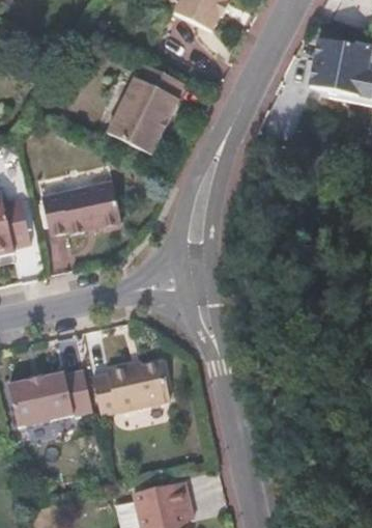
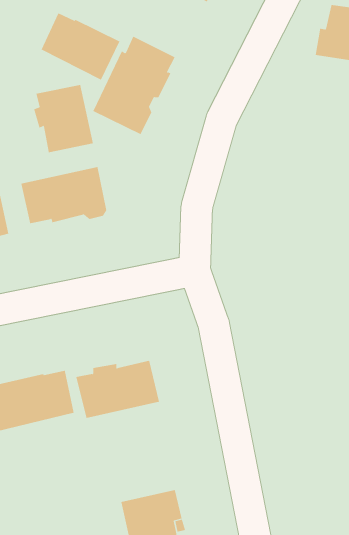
building: none -> [41,12,120,80]
building: none -> [34,84,94,153]

